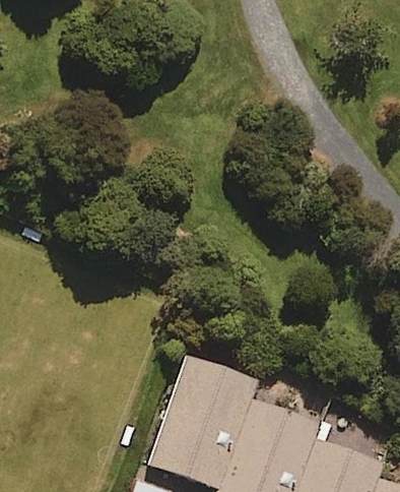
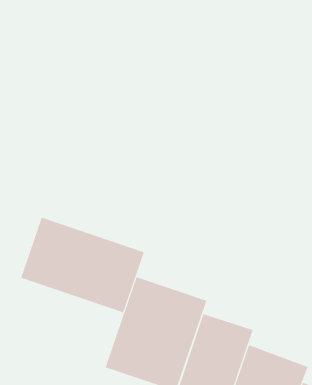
building: none -> [21,217,144,313]

